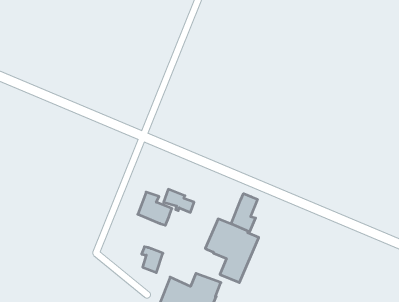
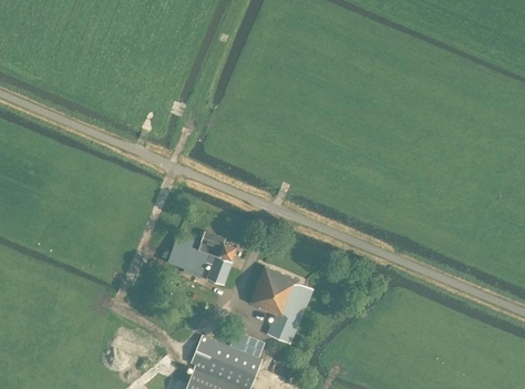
building: [231,194,257,232] -> none
building: [142,247,163,273] -> [205,254,230,285]

